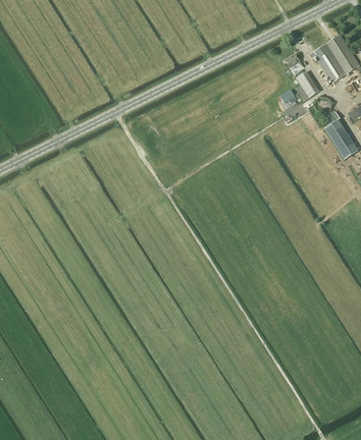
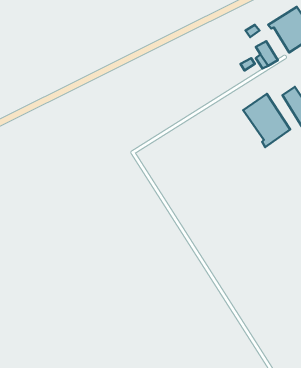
building: none -> [243,94,290,147]

